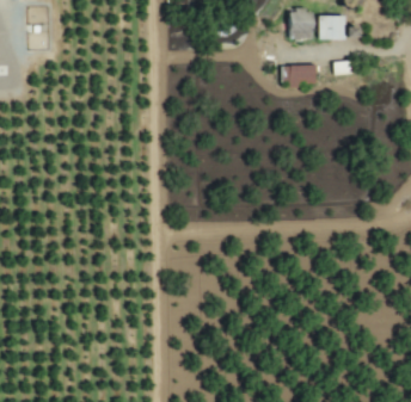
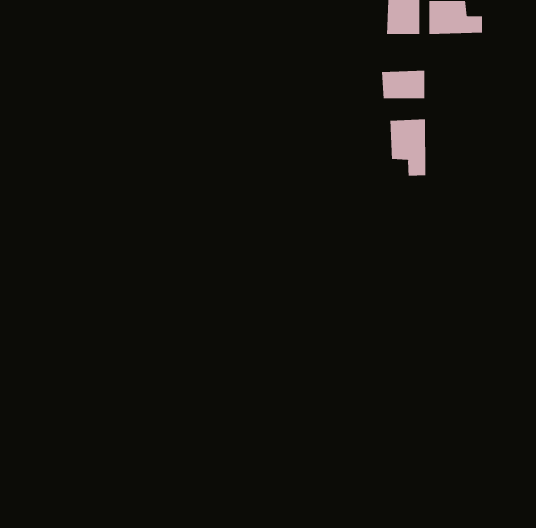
building: none -> [390,119,426,177]

